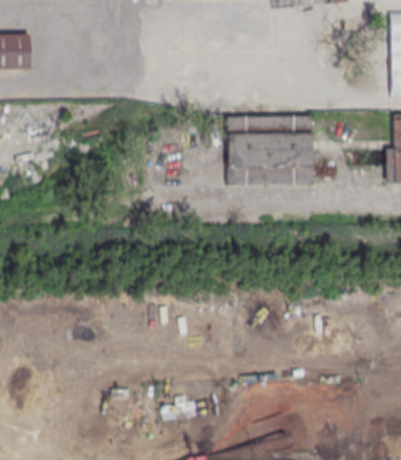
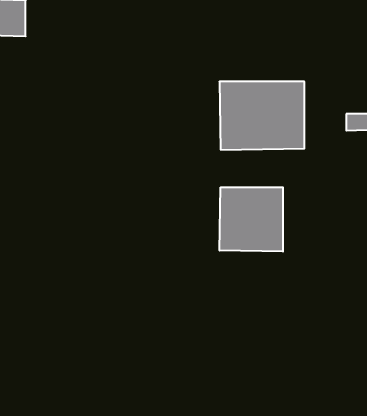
building: none -> [220,187,283,252]

